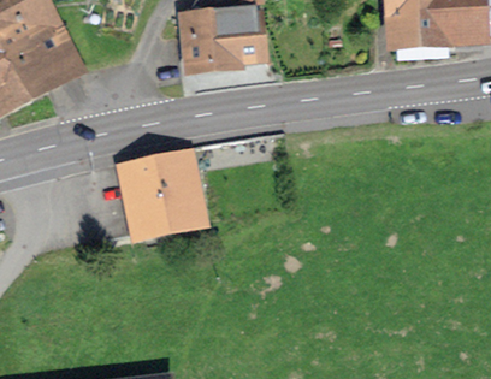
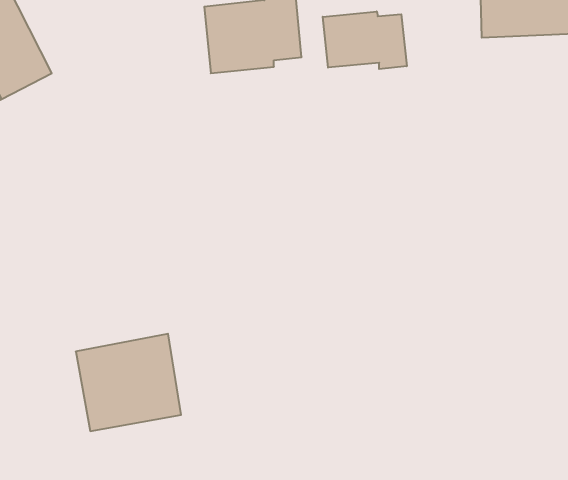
building: none -> [323,11,407,69]
building: [124,162,202,235] -> [76,334,181,431]

